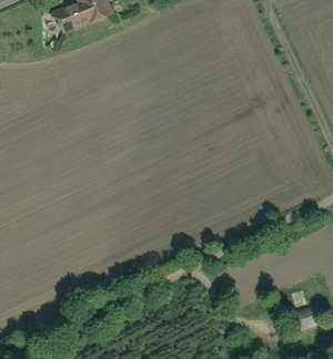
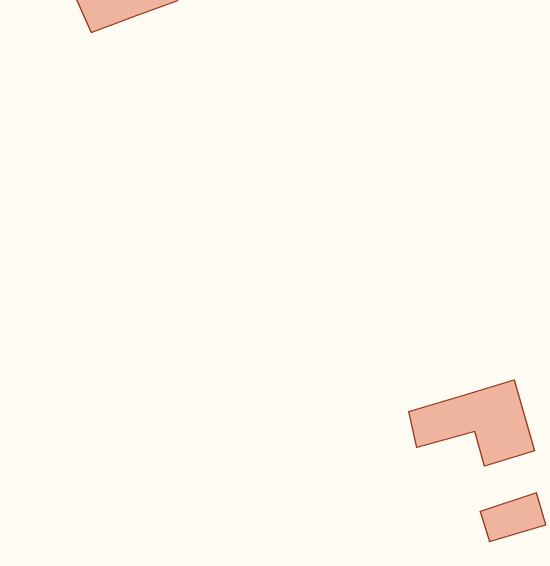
building: none -> [409,380,535,466]

